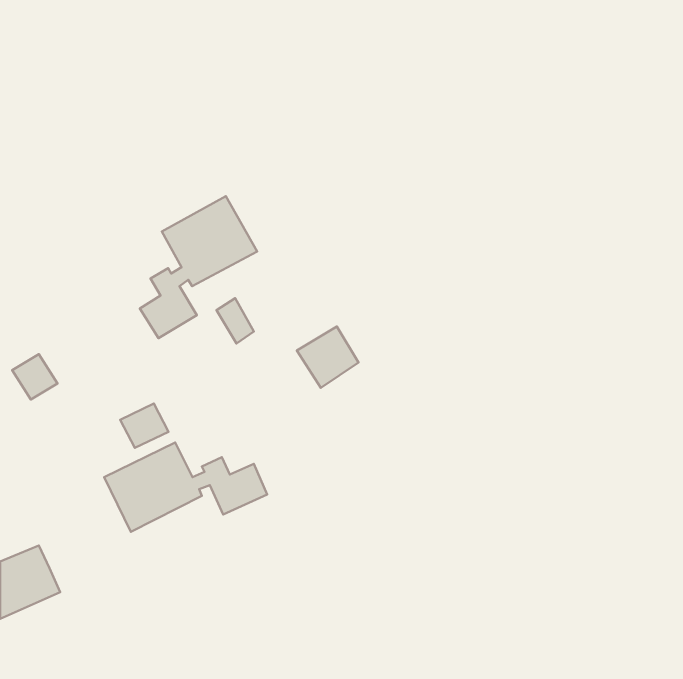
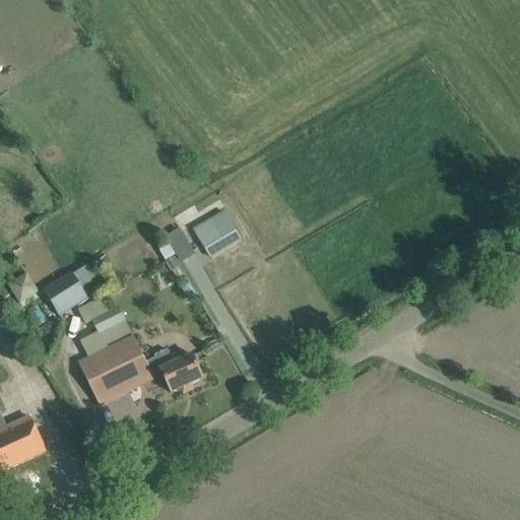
building: [140,196,257,338] -> none
building: [297,326,358,388] -> [192,210,239,257]
building: none -> [45,272,86,312]

